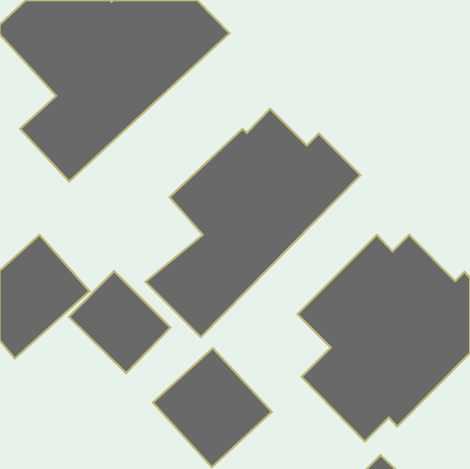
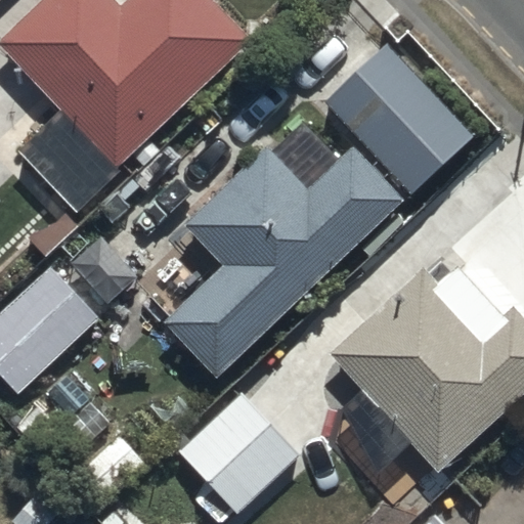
building: none -> [325,42,474,192]
building: [69,271,171,373] -> none

